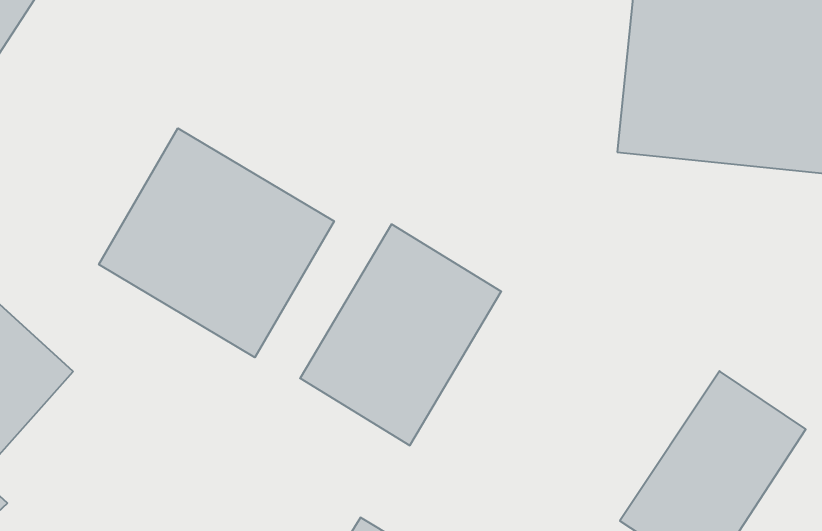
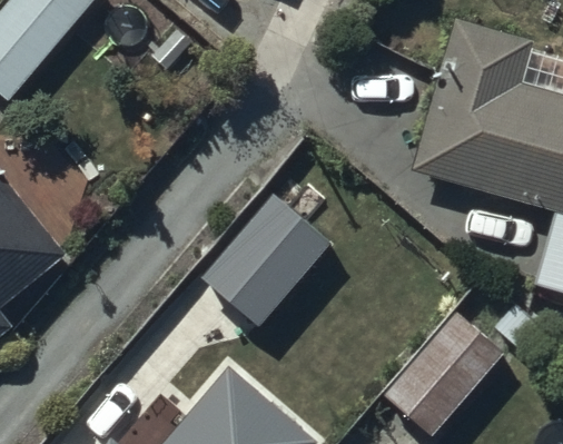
building: [99,128,334,357] -> none

